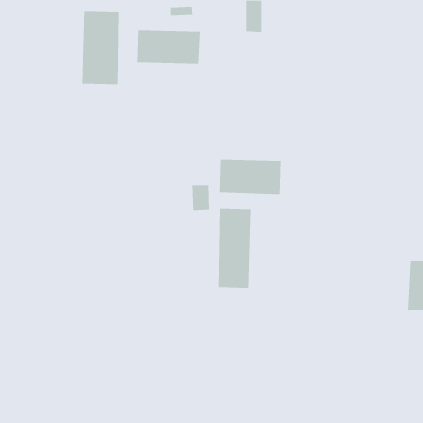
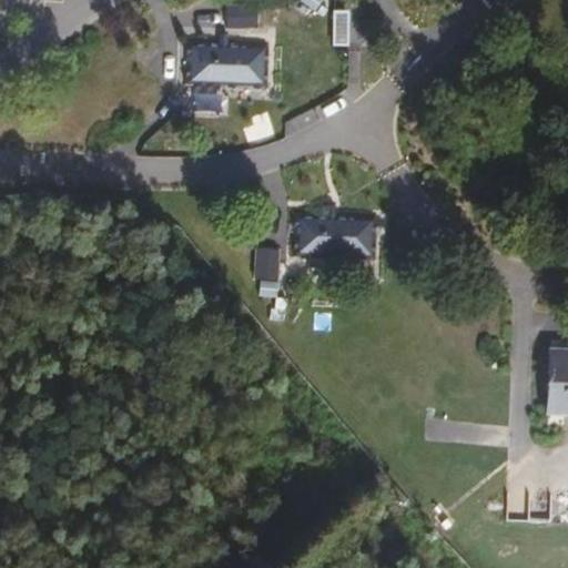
building: [82,10,119,85] -> none
building: [218,208,251,289] -> none

